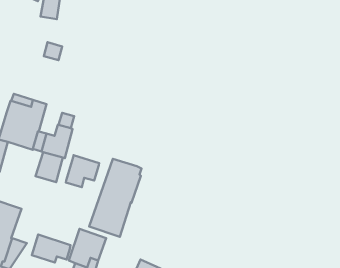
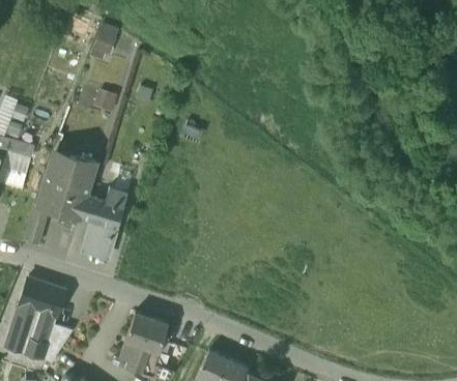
building: [66,155,99,187] -> none
building: [89,159,141,237] -> none
building: [32,234,71,262] -> none

